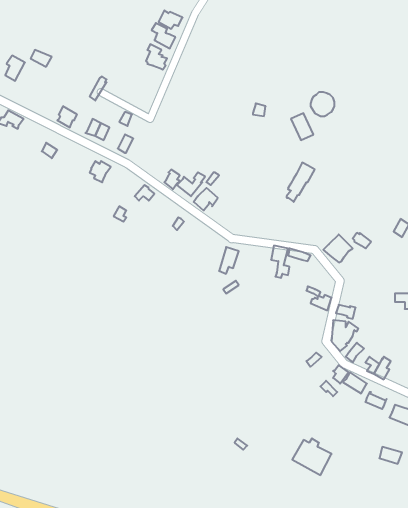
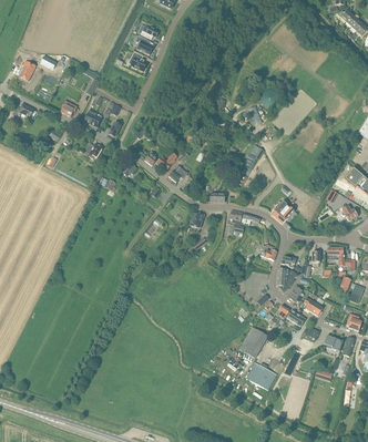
building: none -> [239,326,268,358]

